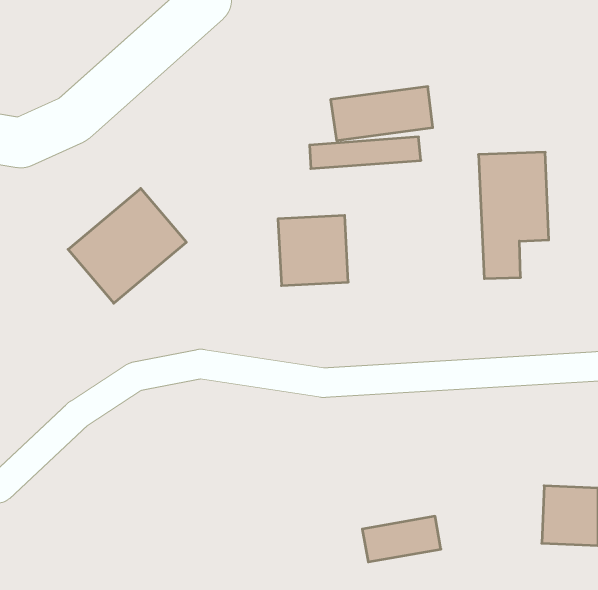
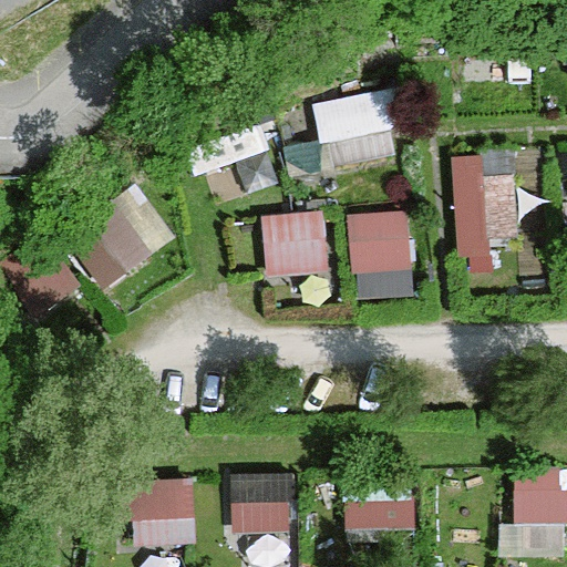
building: none -> [343,206,416,276]
building: none -> [226,476,296,537]
building: none -> [133,480,197,548]

